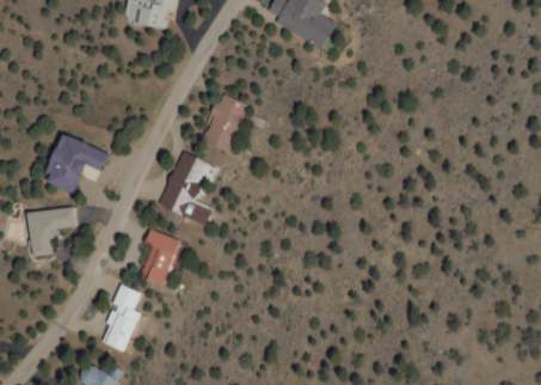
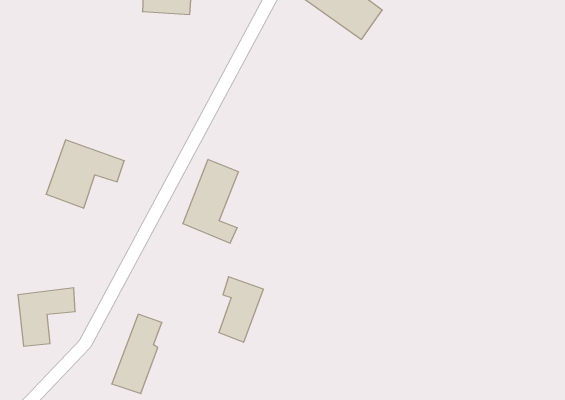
building: [203,94,248,153] -> none
building: [29,207,78,257] -> [18,288,75,346]
building: [142,230,180,286] -> [219,277,263,342]

